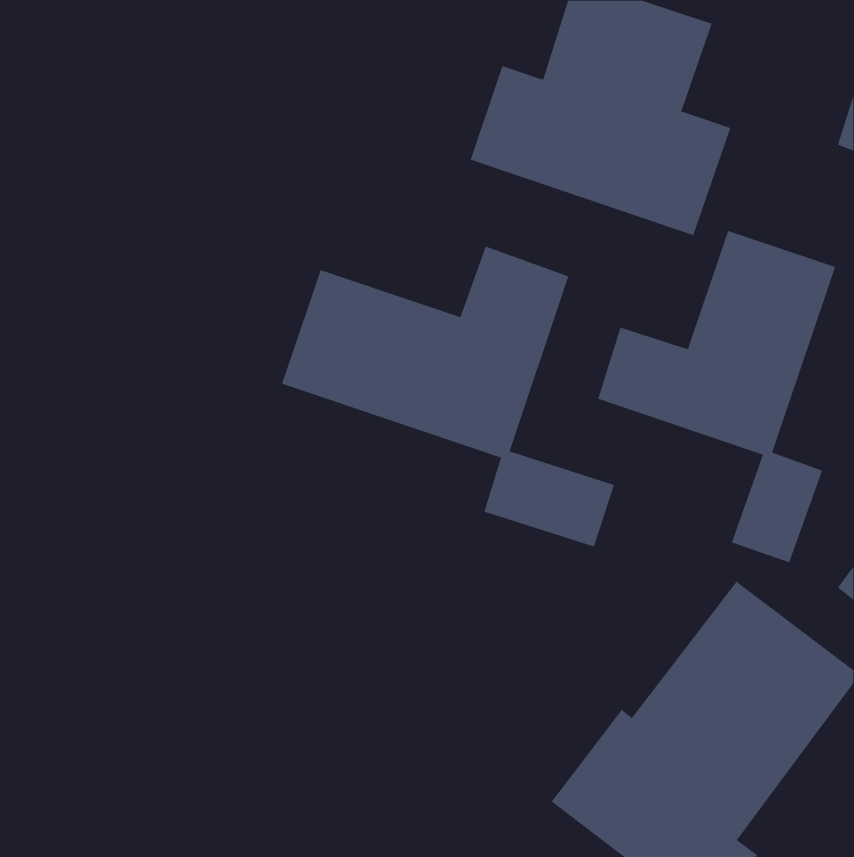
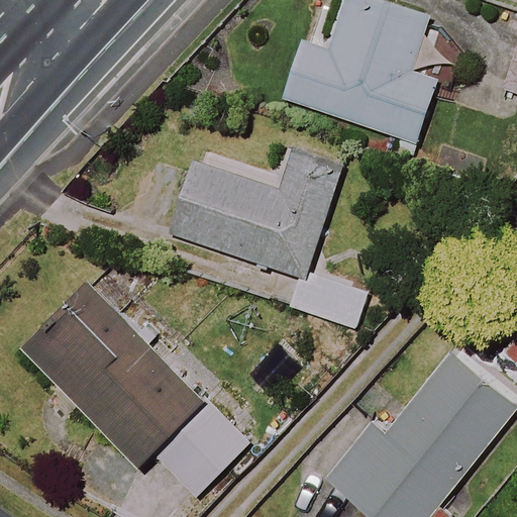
building: [597,230,836,563] -> none
building: none -> [27,286,219,495]

